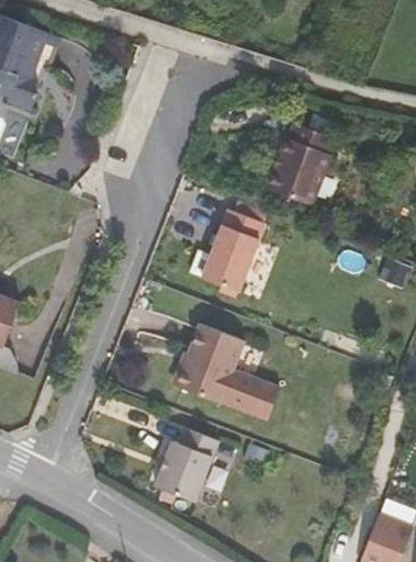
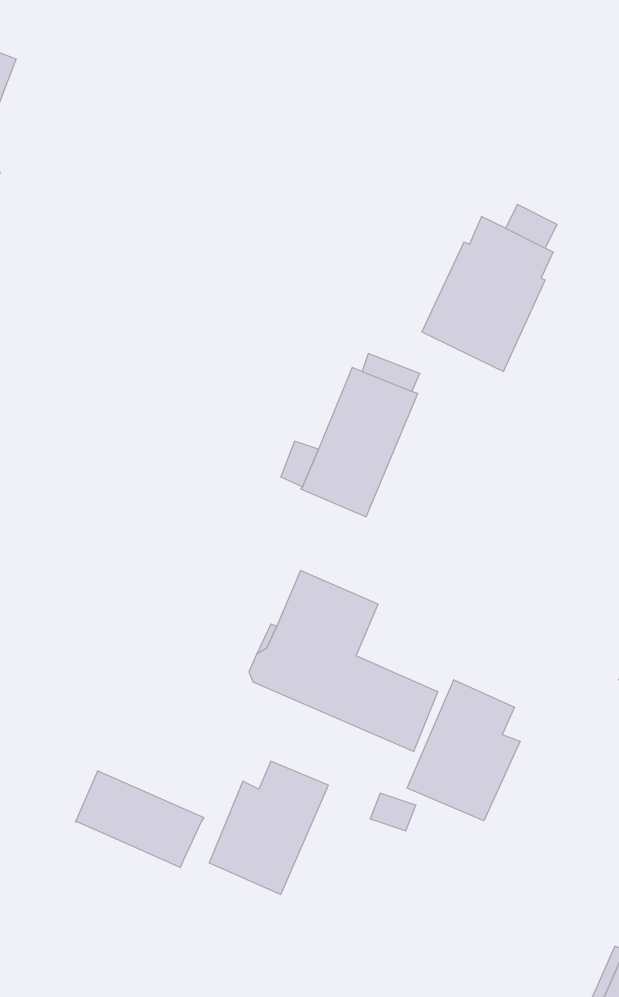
building: none -> [407,680,520,821]
building: none -> [76,771,204,868]

